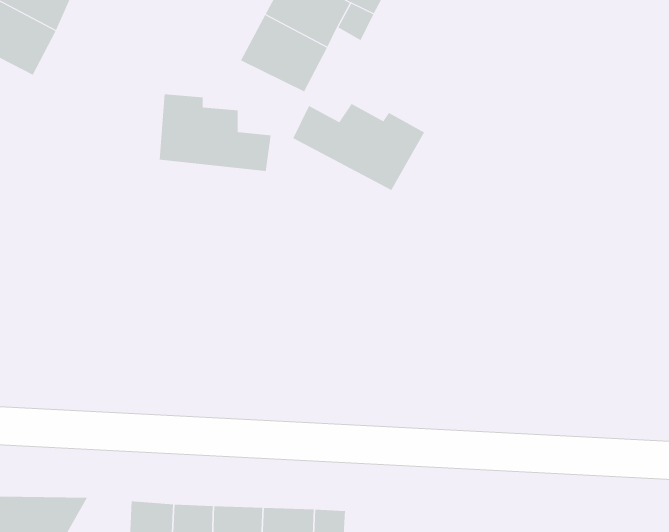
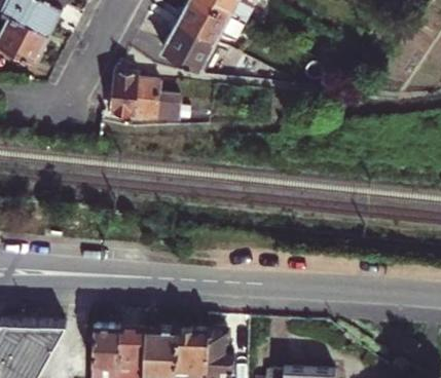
building: [293,103,425,191] -> none

